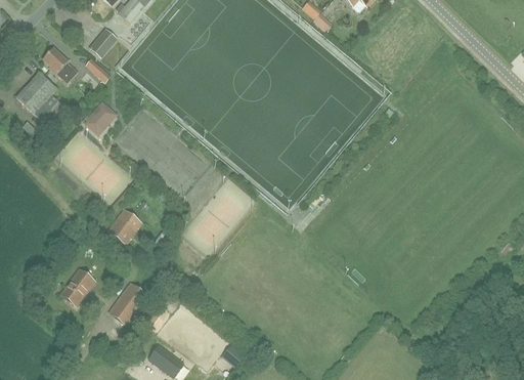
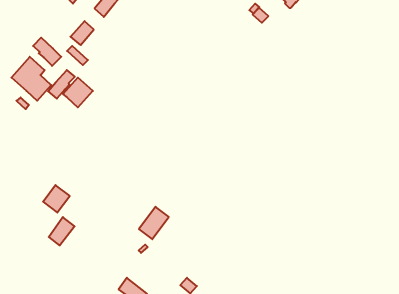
building: none -> [48,70,75,99]
building: [107,209,140,243] -> [43,185,70,213]
building: [110,284,146,324] -> [139,207,169,239]

